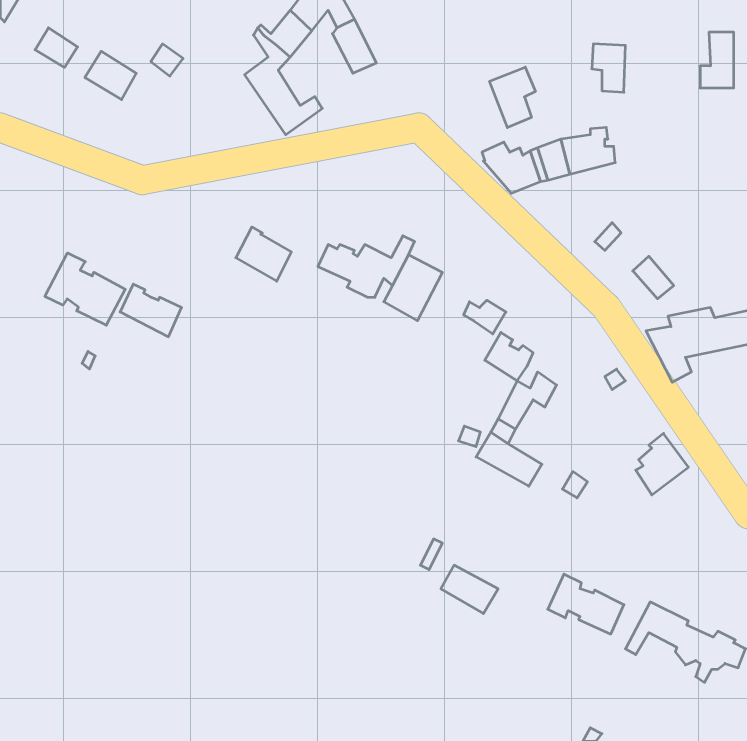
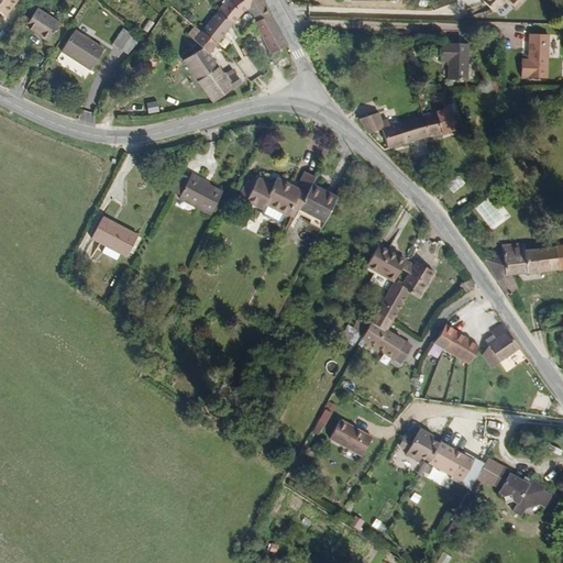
building: [490,67,535,128] -> none
building: [45,253,125,325] -> none
building: [464,300,506,334] -> [397,264,429,289]
building: none -> [431,325,478,364]

